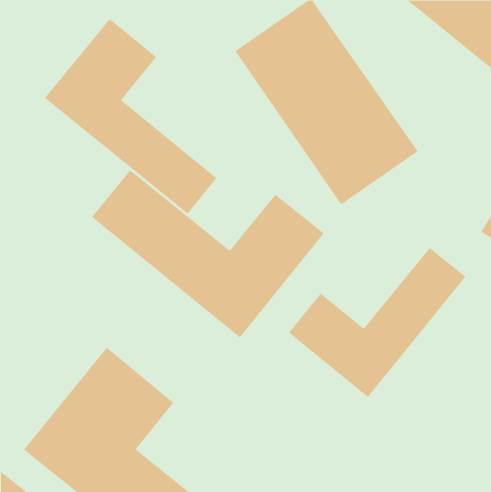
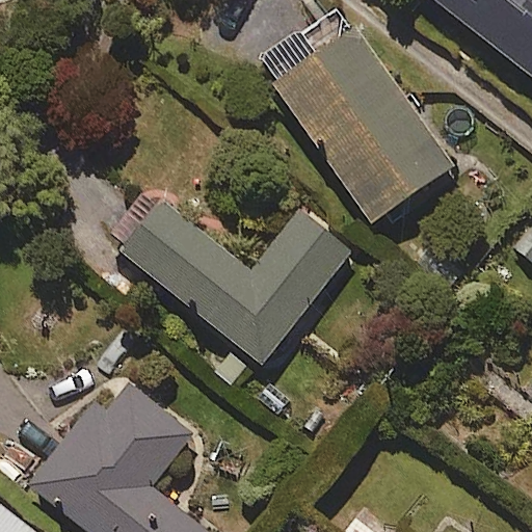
building: [44,18,217,214] -> none
building: [288,247,466,398] -> none

